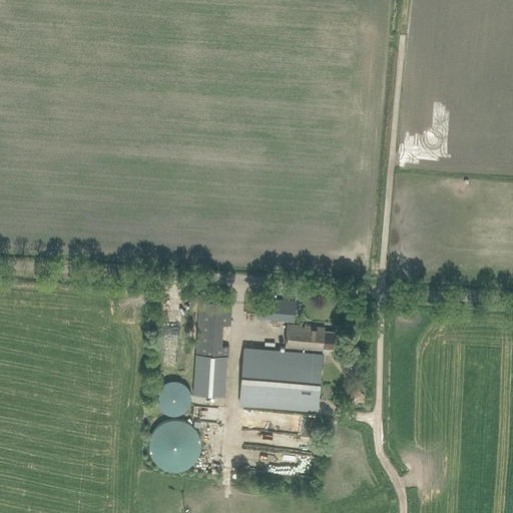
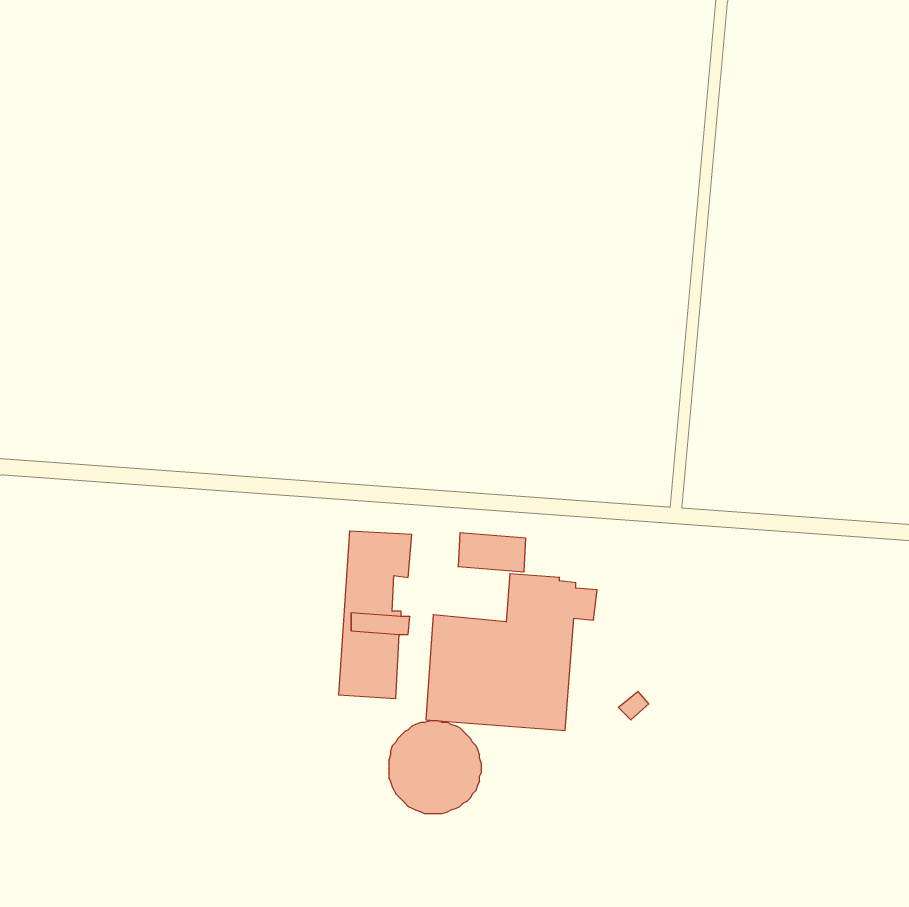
building: [157,382,192,417] -> none
building: [150,421,202,473] -> [389,721,481,814]

